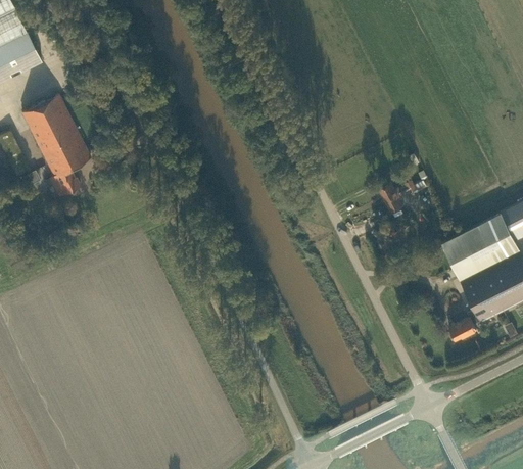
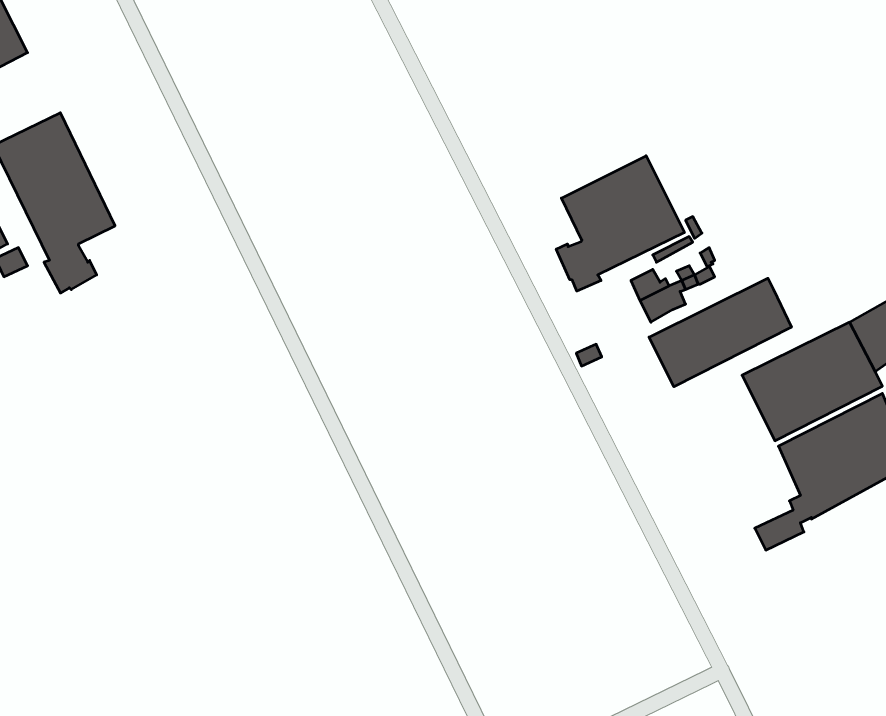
building: none -> [556,156,684,291]
building: none -> [649,278,791,387]

